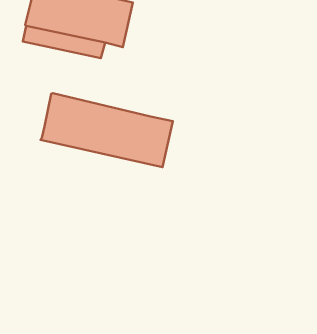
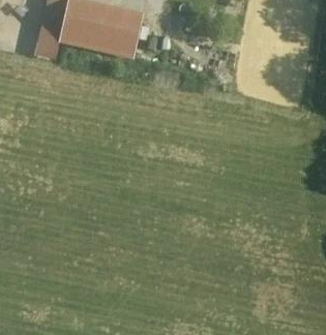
building: [41,93,173,167] -> none

